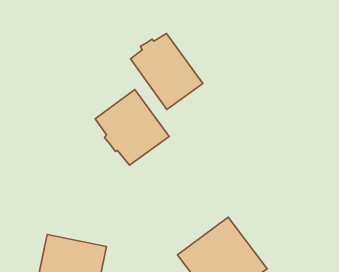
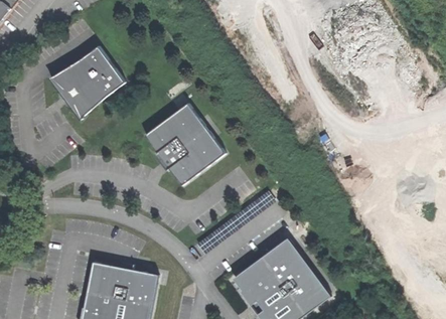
building: [131,34,203,110] -> none
building: none -> [46,43,123,119]

